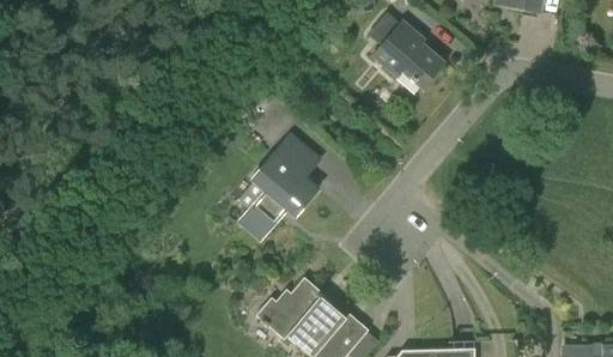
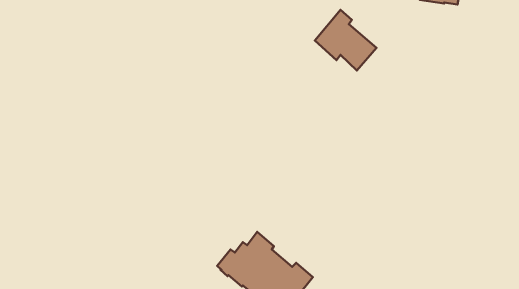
building: [241,133,321,240] -> none

